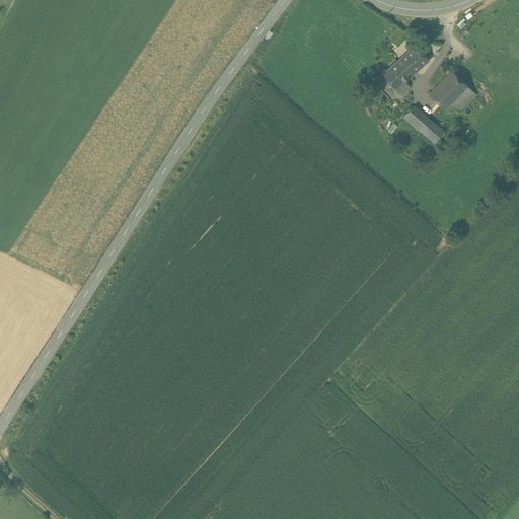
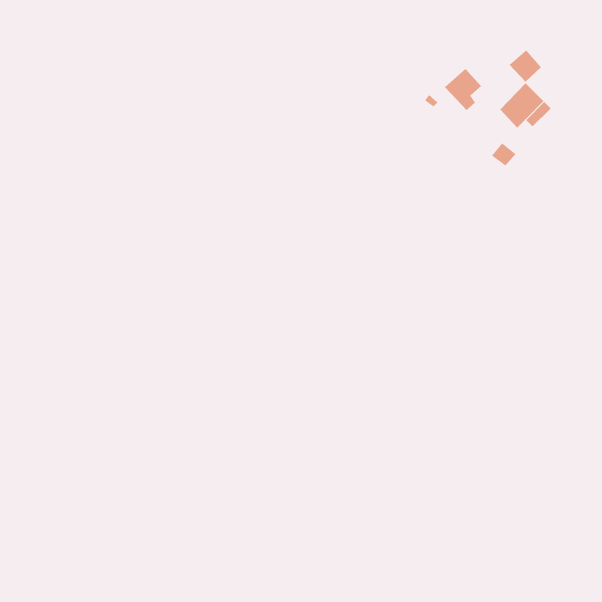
building: [400,46,429,74] -> [509,49,542,82]
building: [403,106,432,134] -> none

